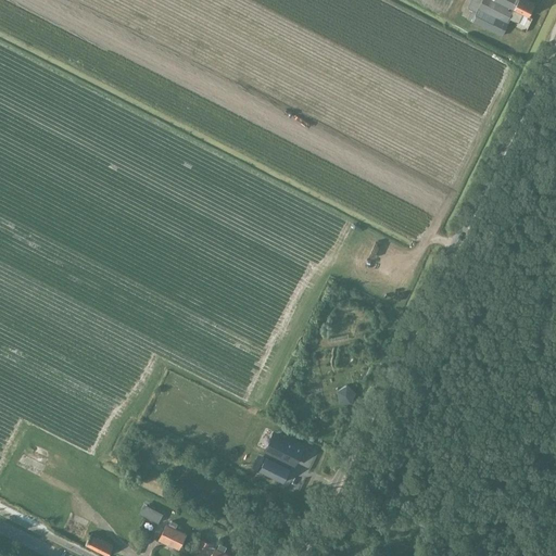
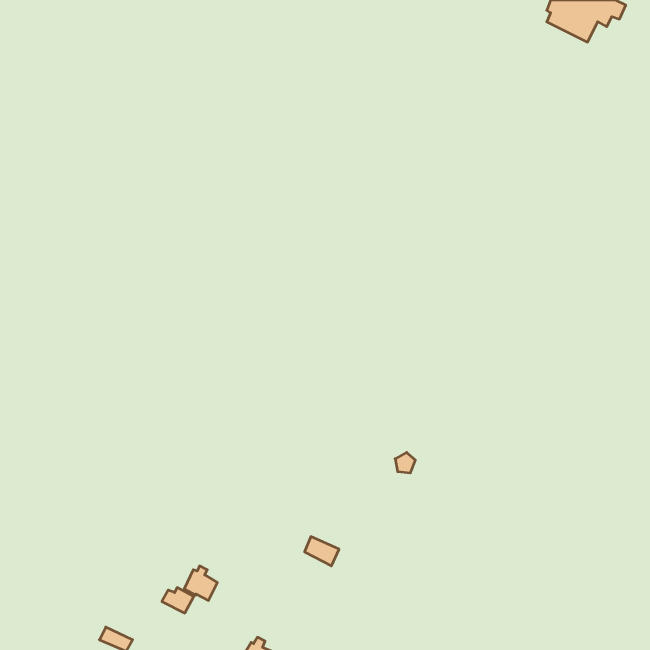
building: [268,433,305,467] -> none
building: [159,521,187,551] -> [184,566,217,600]

